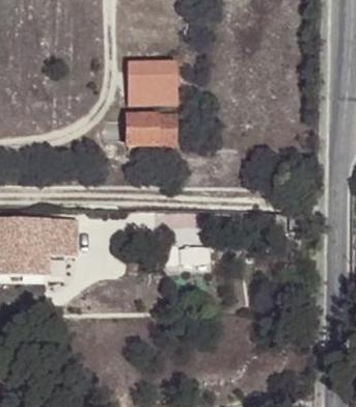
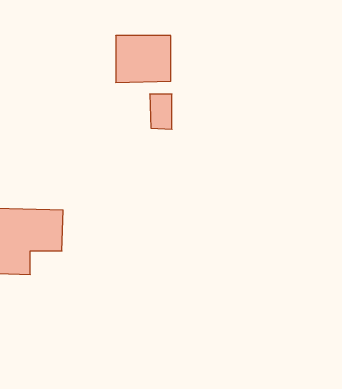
building: [127,114,158,144] -> none

